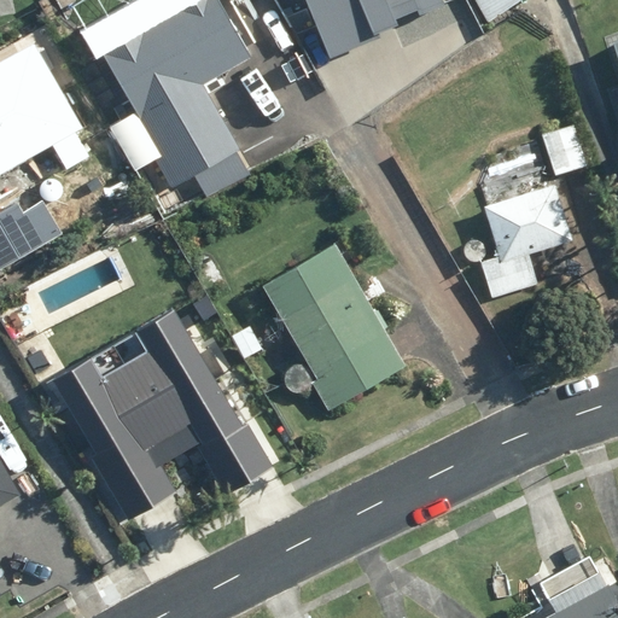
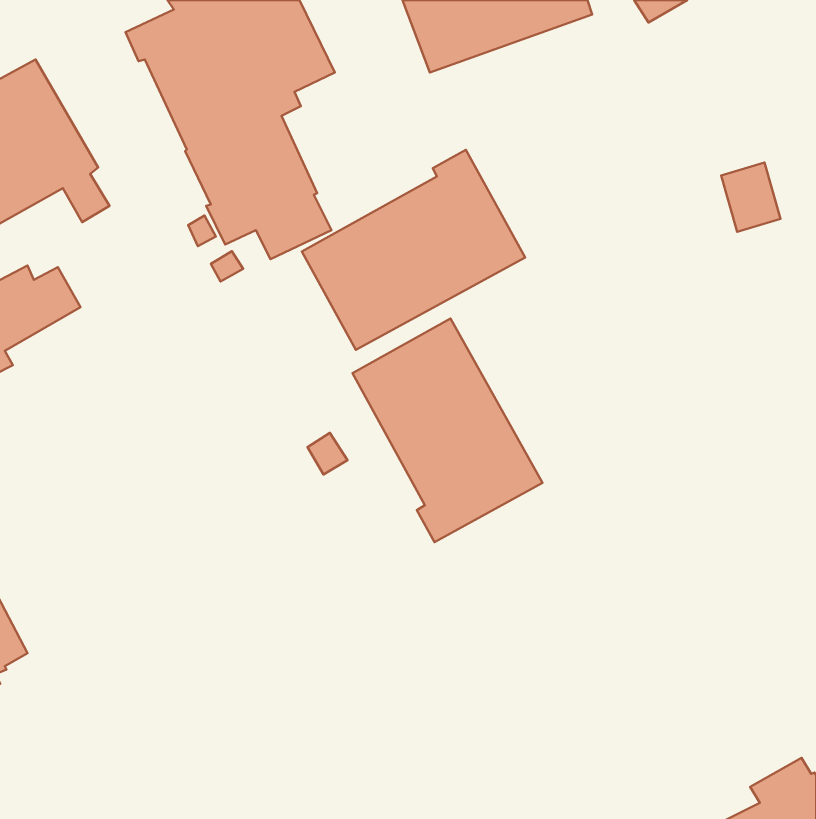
building: none -> [302,150,525,350]
building: [479,182,572,297] -> none
building: [34,307,270,520] -> none

